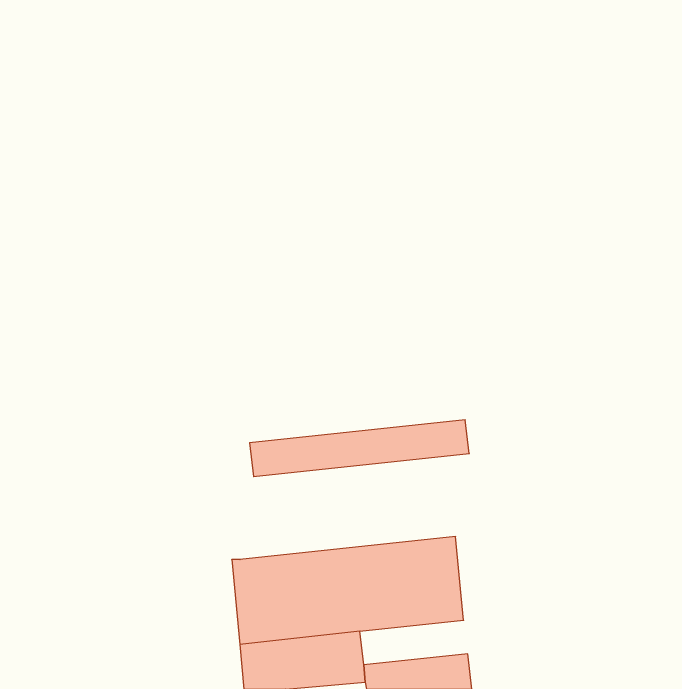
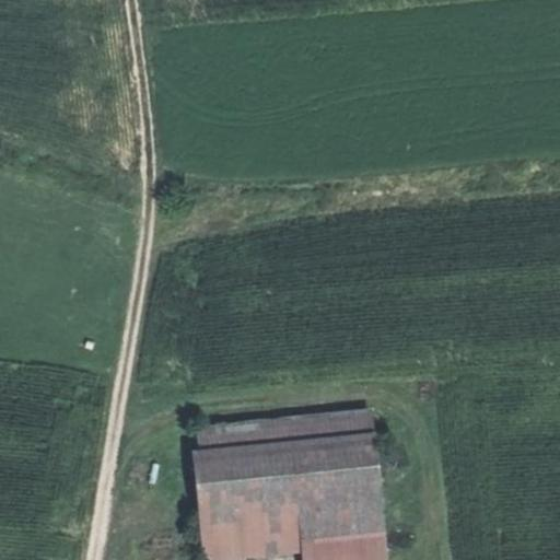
building: [250,420,469,477] -> [197,408,375,454]
building: none -> [298,503,385,539]

